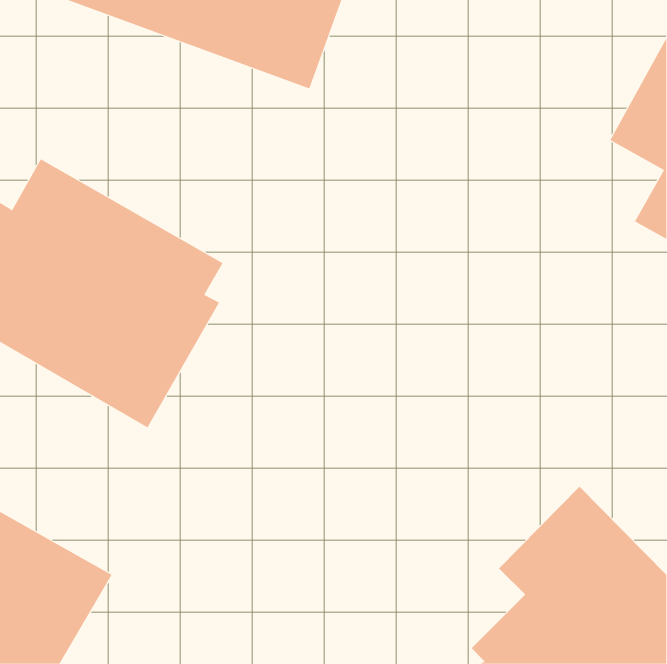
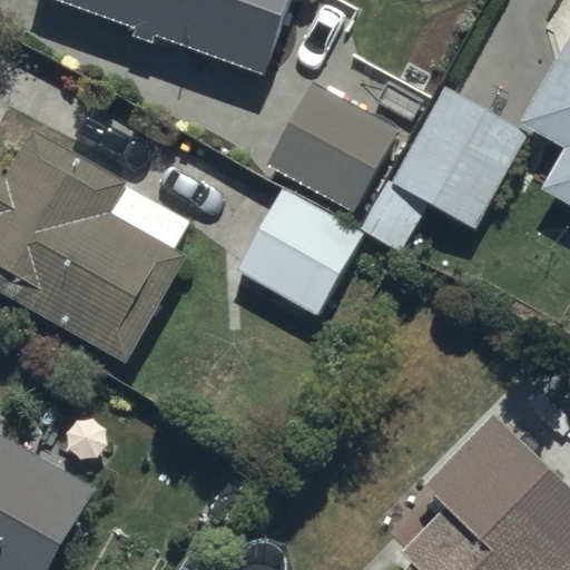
building: none -> [269,82,400,210]
building: none -> [357,85,529,252]
building: none -> [235,188,363,314]

